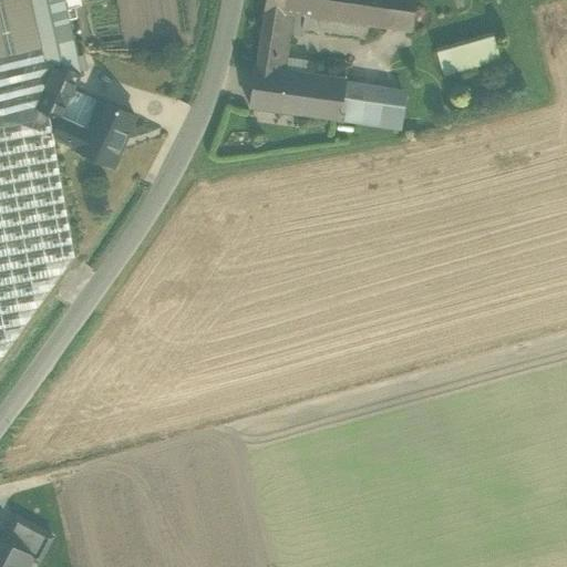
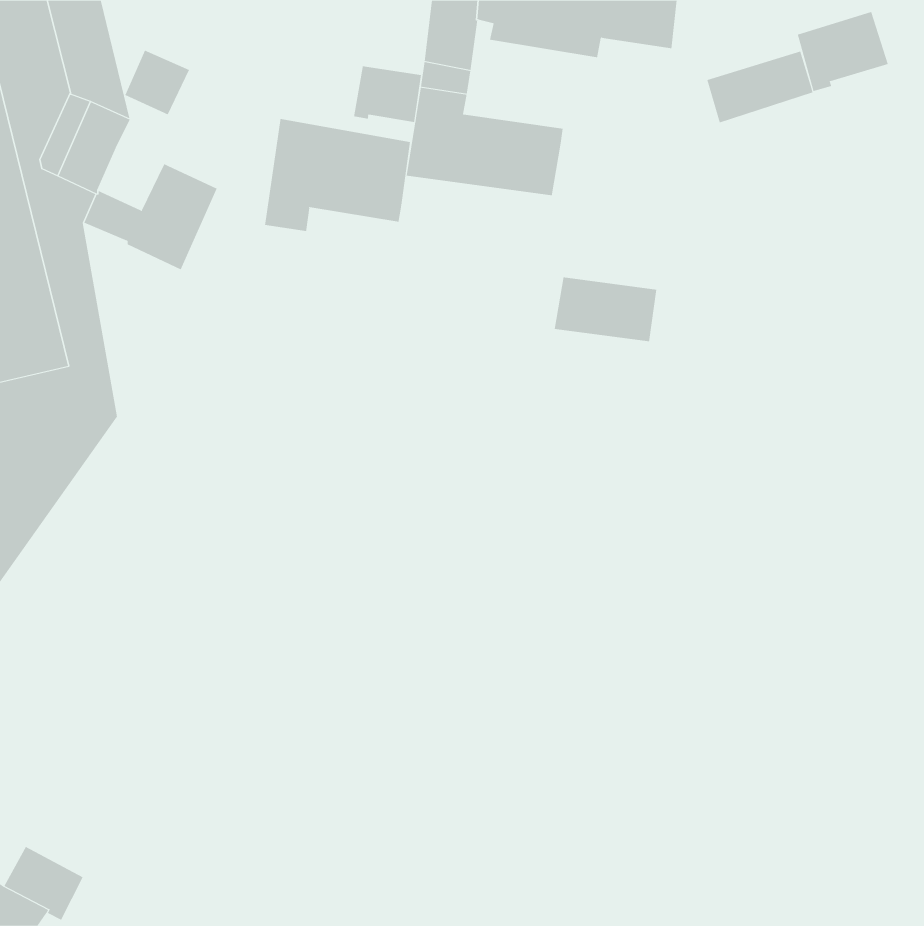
building: none -> [797,11,889,92]
building: none -> [354,65,421,123]
building: none -> [264,118,411,232]
building: [338,87,401,127] -> [554,277,657,342]
building: [60,89,100,128] -> [125,50,190,115]

